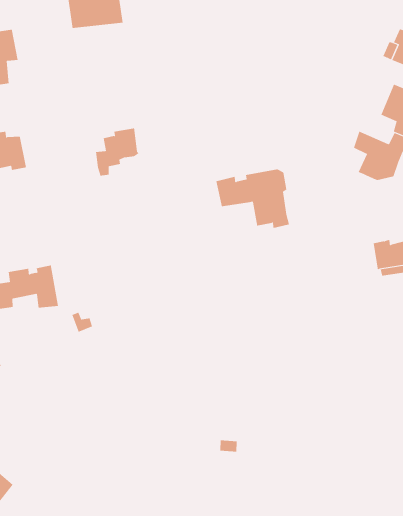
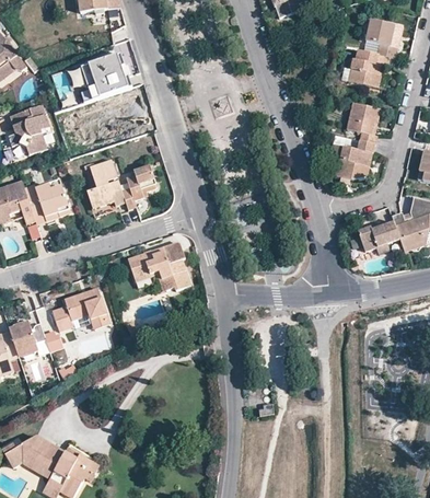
building: none -> [89,161,127,209]
building: [215,169,290,229] -> [131,241,196,289]

